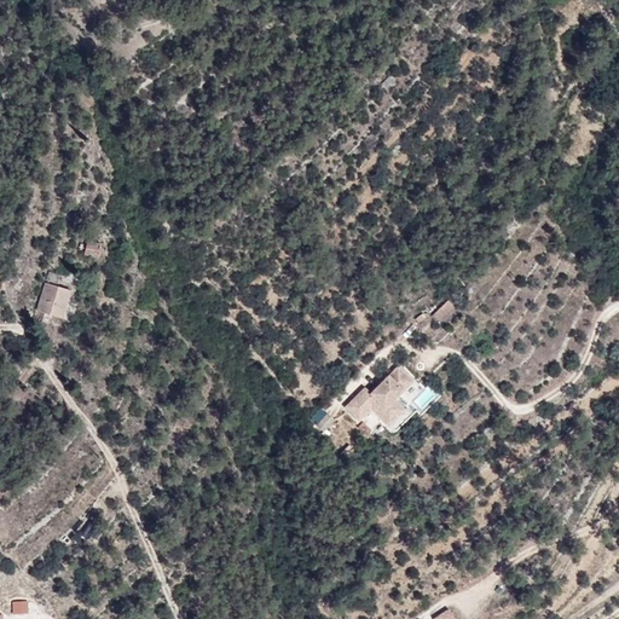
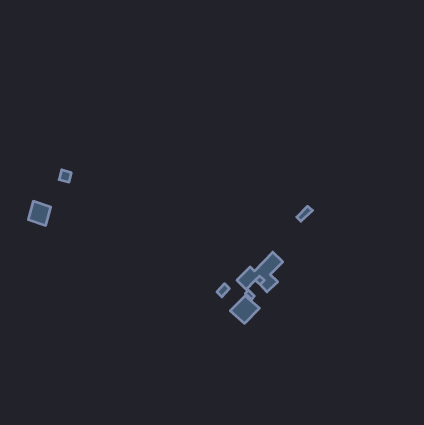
building: none -> [230,296,259,323]

